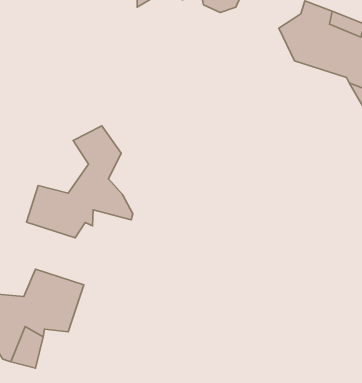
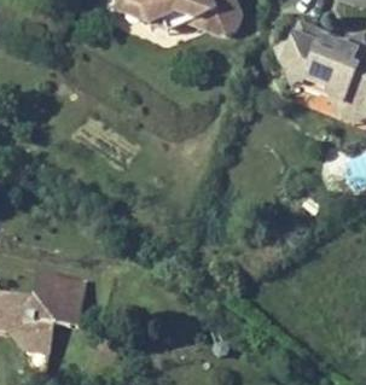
building: [26,126,133,238] -> none

